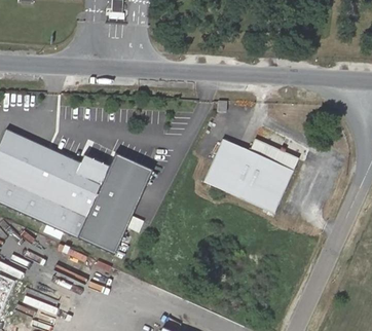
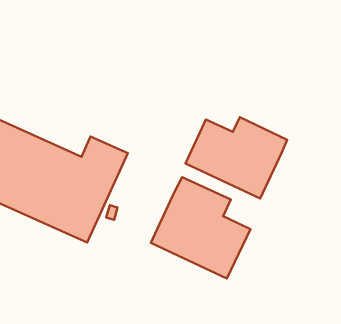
building: none -> [151,177,250,278]

